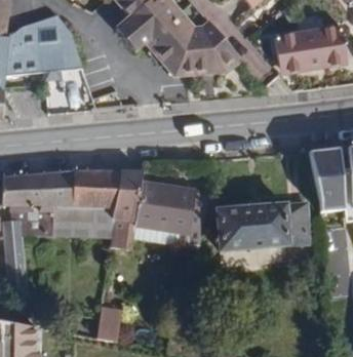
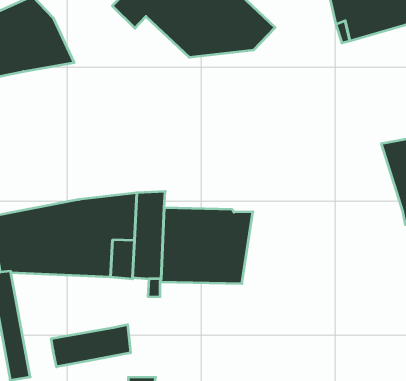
building: [217,201,310,248] -> none
building: none -> [51,325,130,367]

